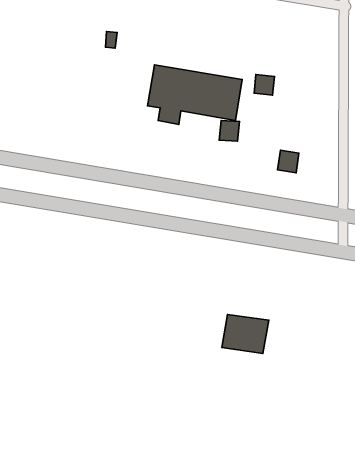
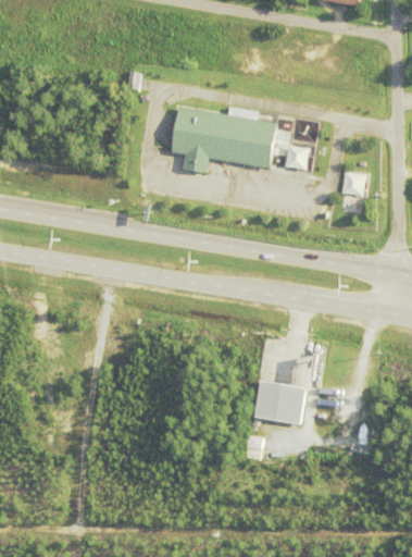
building: [219,121,240,141] -> [284,145,307,168]
building: [278,150,299,173] -> [339,171,363,196]

